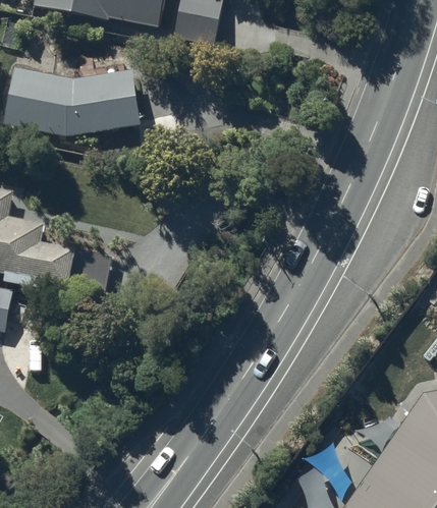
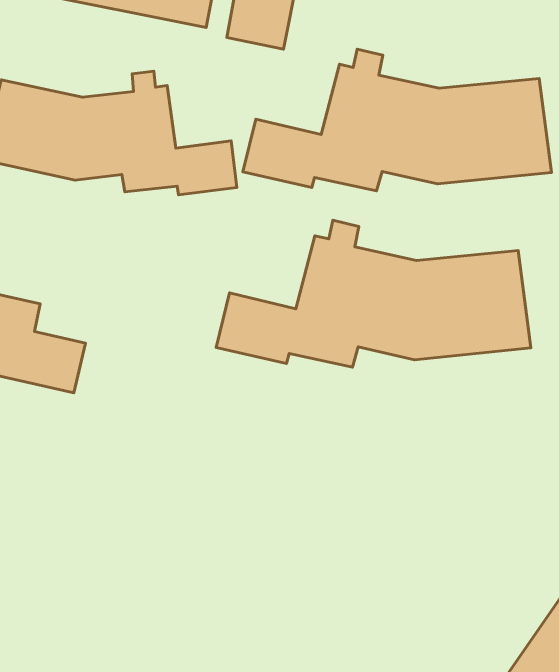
building: none -> [243,49,552,191]
building: none -> [216,220,531,367]

